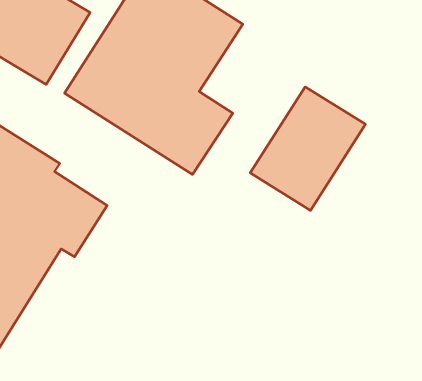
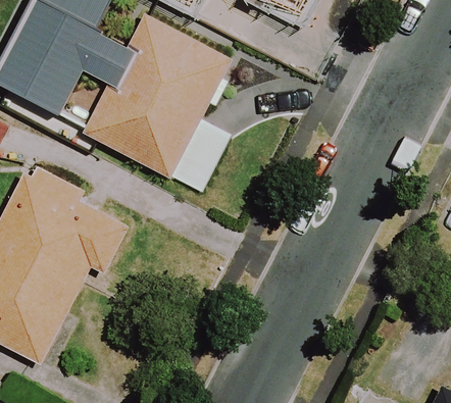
building: [250,87,365,210] -> none

